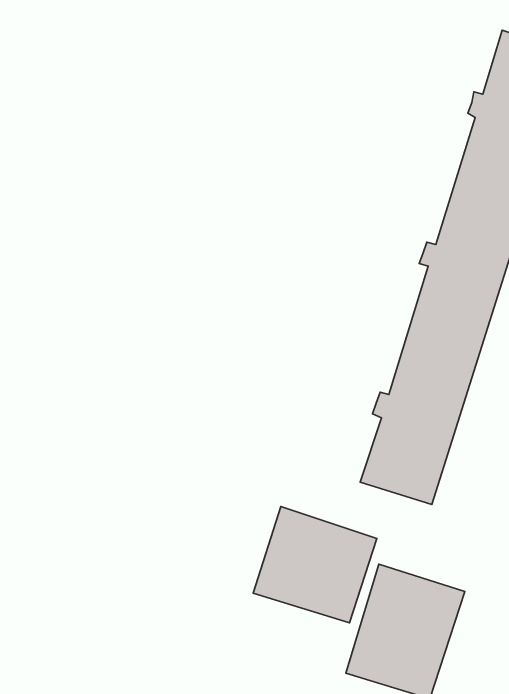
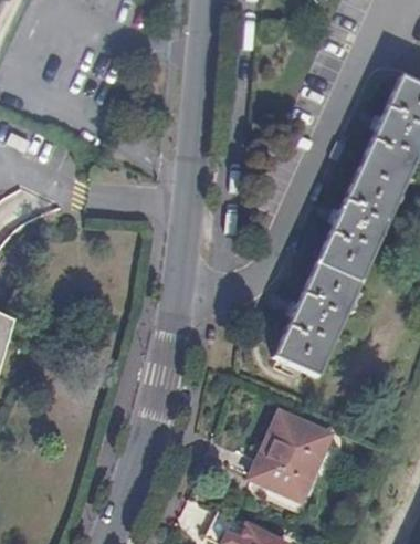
building: [253,506,377,623] -> none

